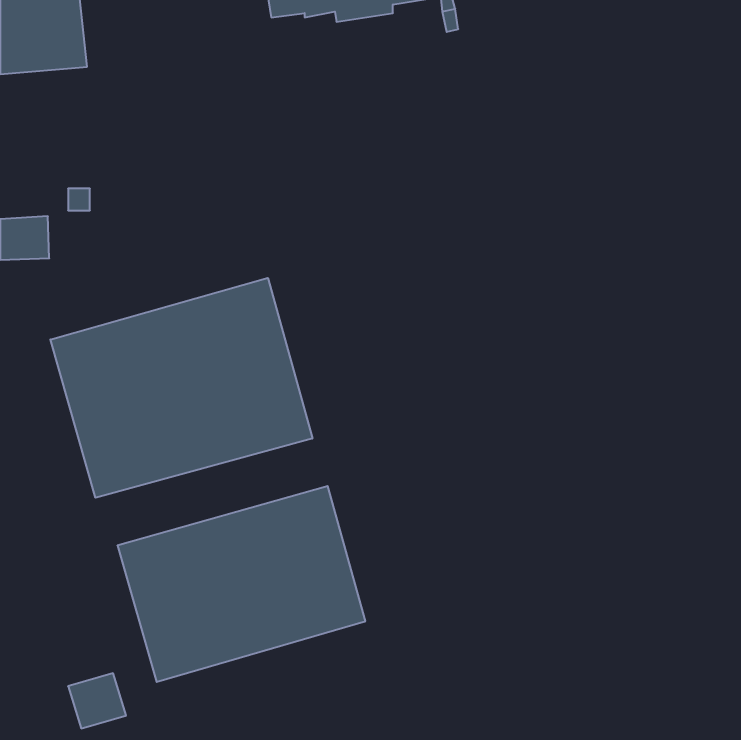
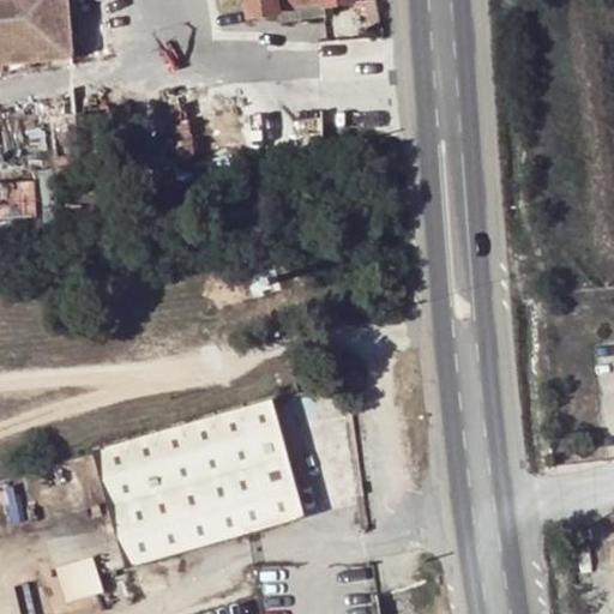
building: [50,278,312,498] -> none

